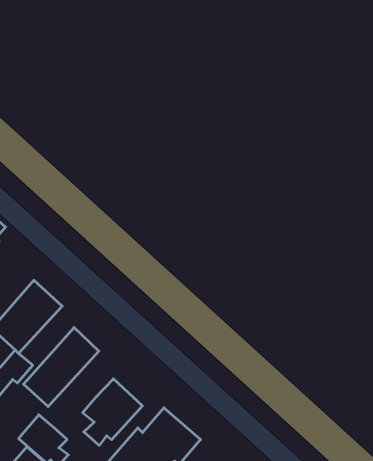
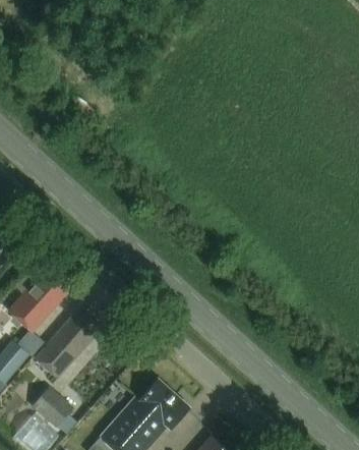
building: [83,379,142,445] -> none

